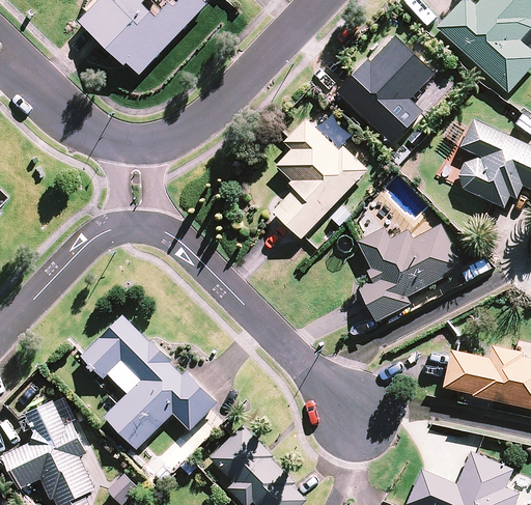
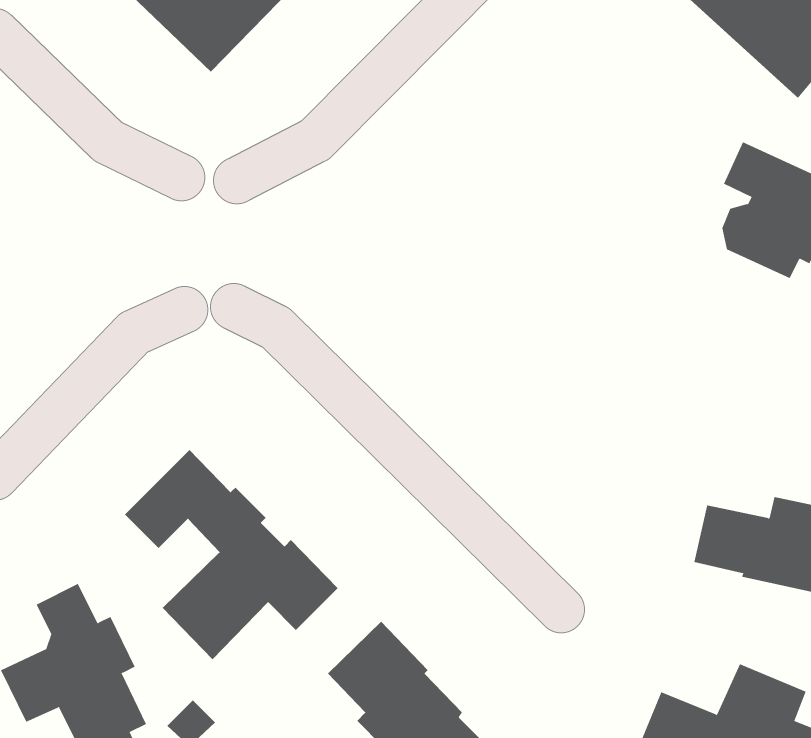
building: [338,35,434,144] -> none
building: [272,118,367,240] -> none
building: [357,224,464,321] -> none

